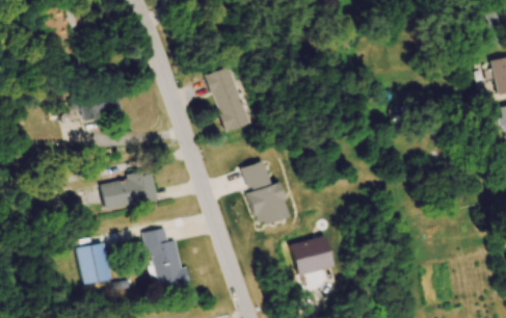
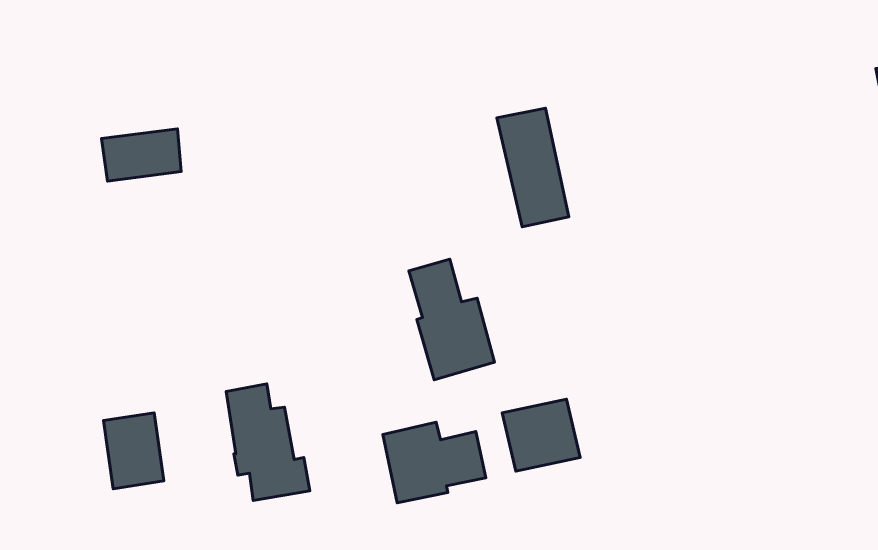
building: [208,68,246,131] -> [497,108,569,227]
building: [101,173,156,208] -> none
building: none -> [383,422,486,503]

